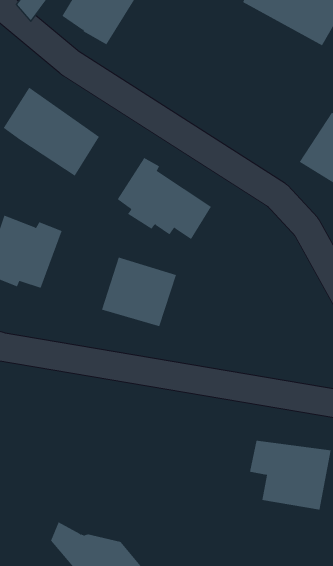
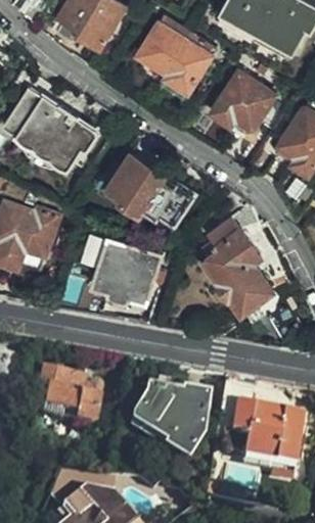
building: none -> [140,16,216,96]
building: none -> [211,73,274,136]
building: none -> [205,217,273,314]
building: none -> [37,371,98,427]
building: none -> [132,387,206,460]

